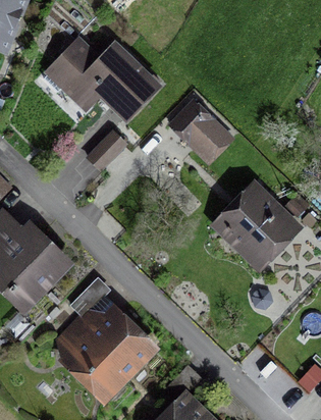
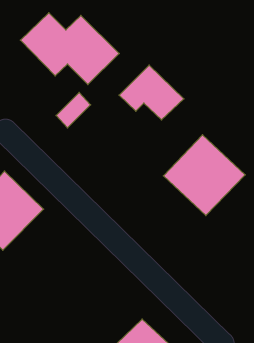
building: [49,277,156,403] -> none

